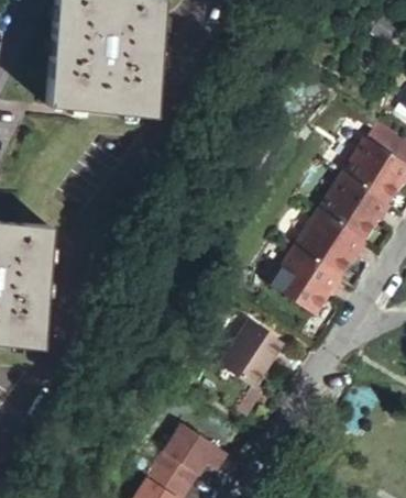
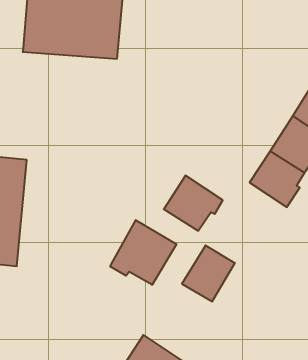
building: [275,253,341,314] -> [164,176,223,231]
building: none -> [110,220,176,285]

